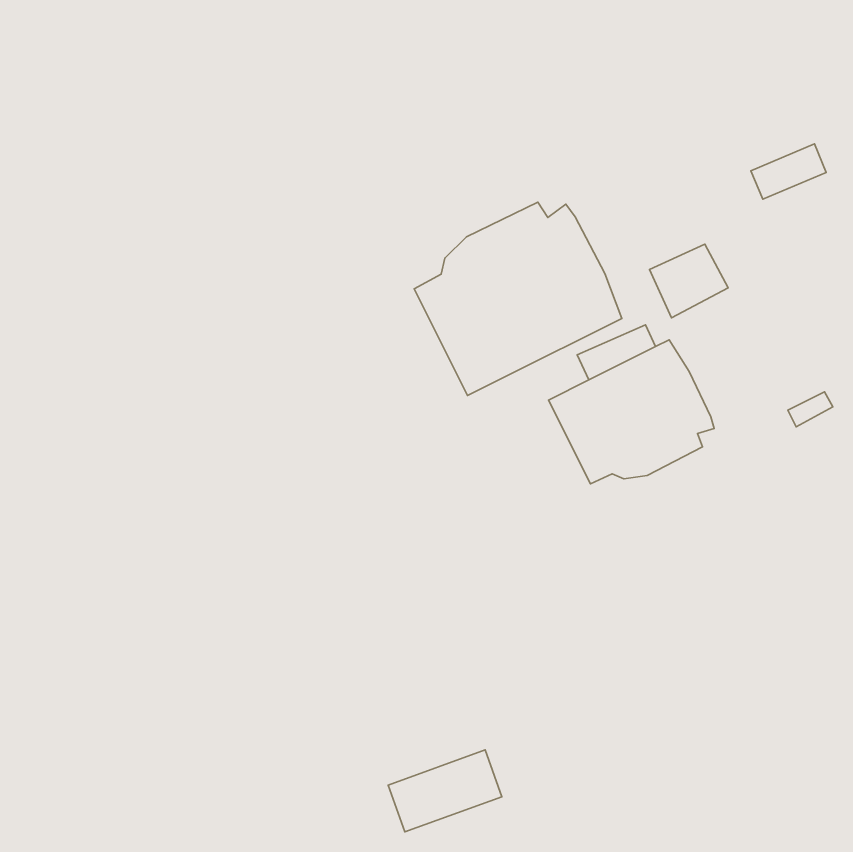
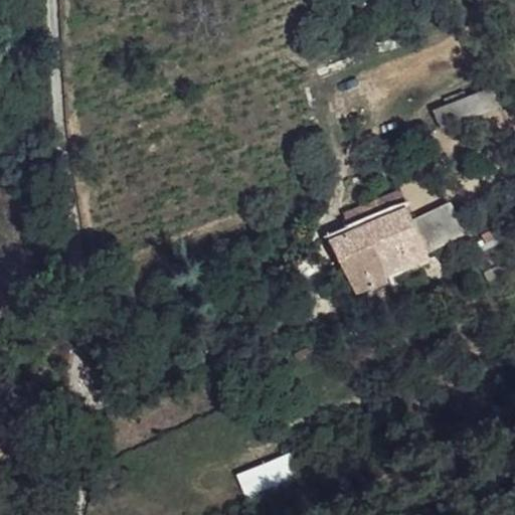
building: [414,202,622,396] -> none
building: [650,244,728,318] -> [414,206,462,250]

